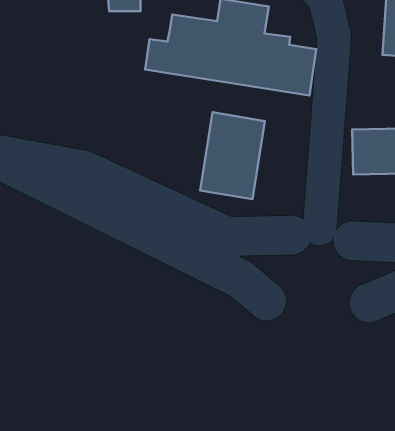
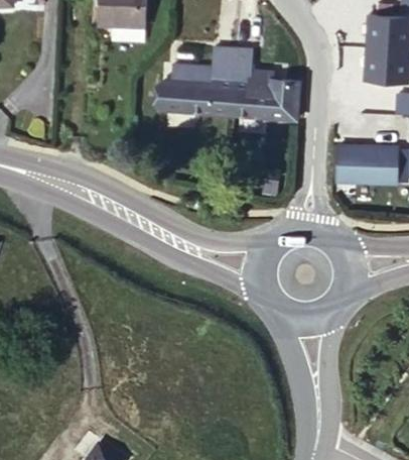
building: [200,112,265,199] -> none

